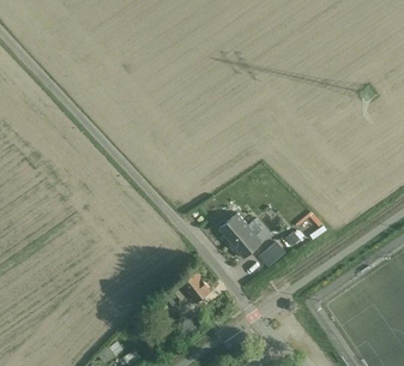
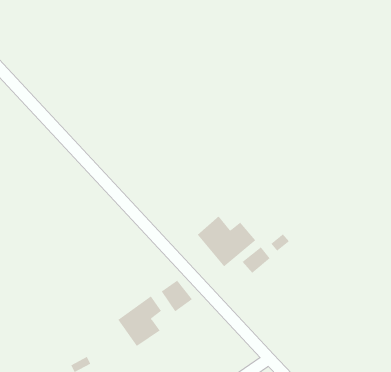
building: none -> [117,296,162,347]

